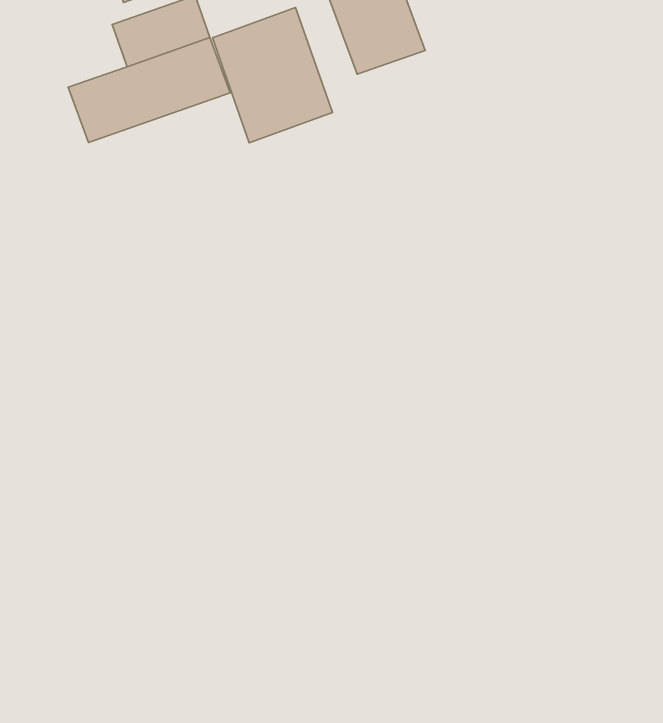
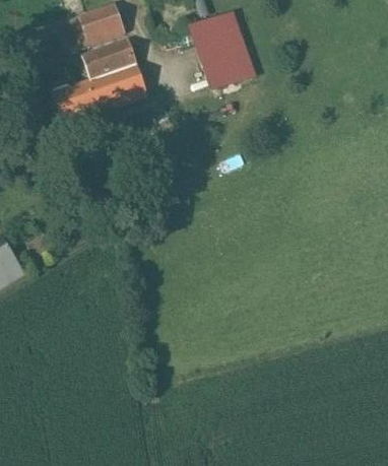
building: [212,8,332,143] -> none

